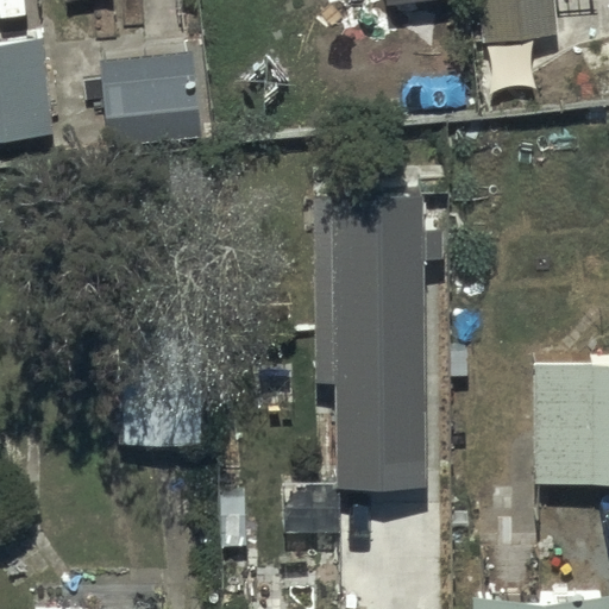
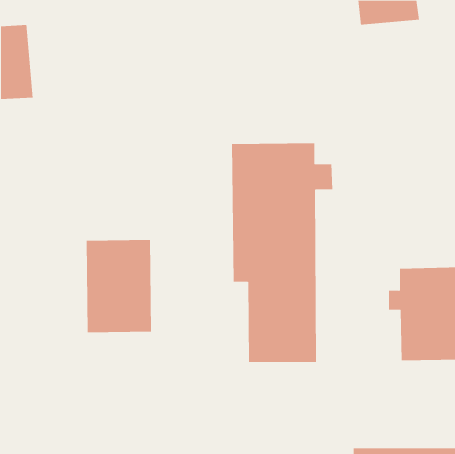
building: [102,54,200,147] -> none

